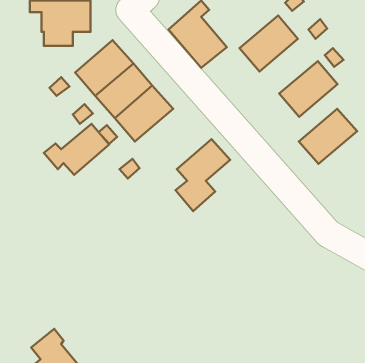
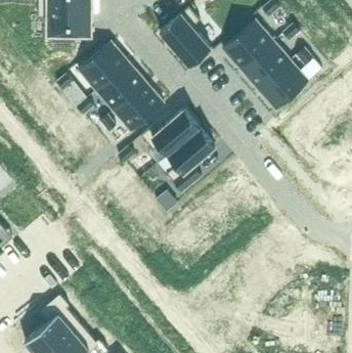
building: [299,109,357,164] -> [239,41,291,89]
building: [44,124,109,175] -> [140,111,197,156]

